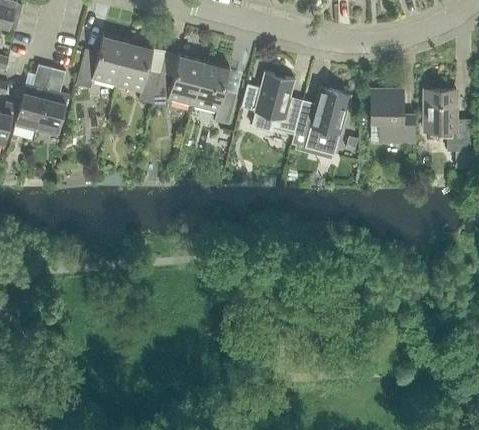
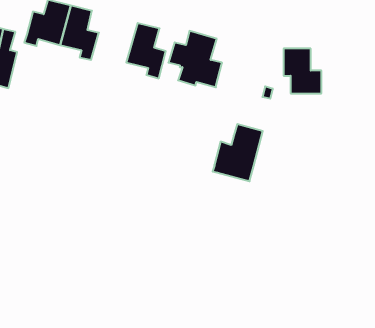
building: [151,54,204,107] -> none
building: [291,87,348,152] -> [213,124,263,181]
building: [423,89,469,150] -> none

